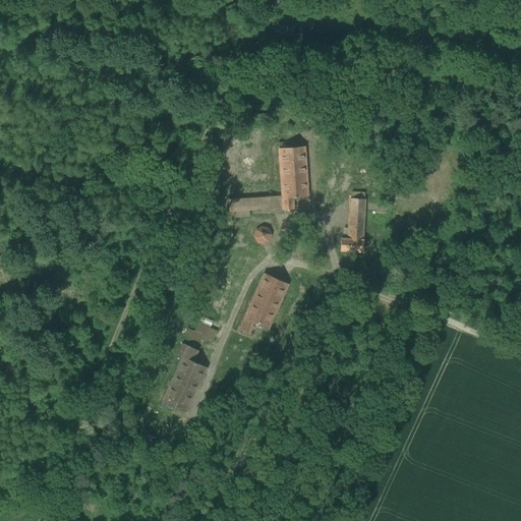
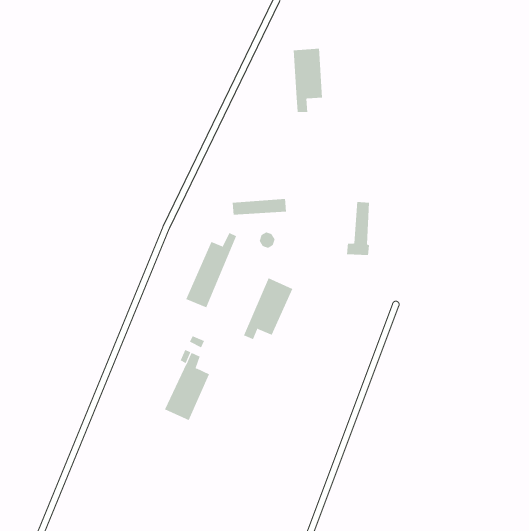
building: [279,146,308,209] -> [293,48,323,112]
building: none -> [186,232,237,308]

